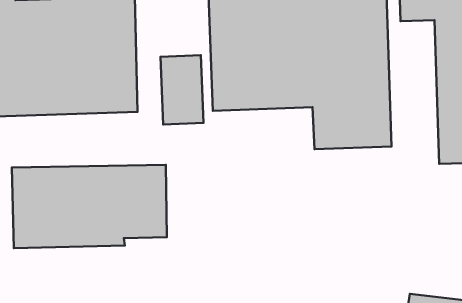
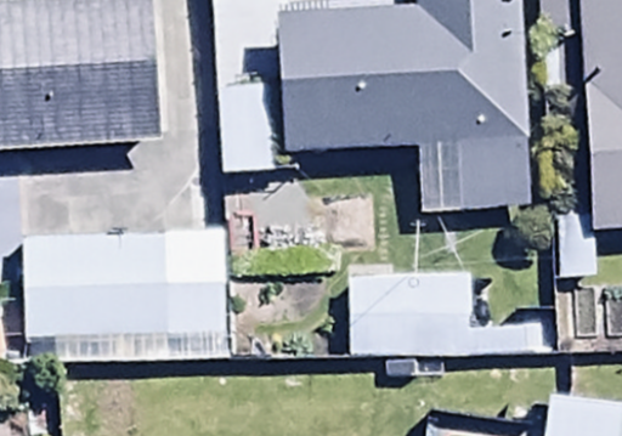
building: none -> [350,257,535,358]

